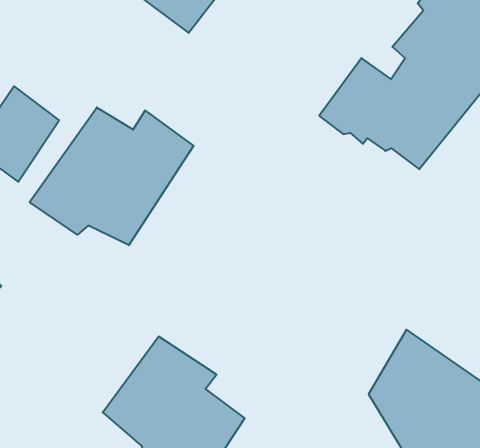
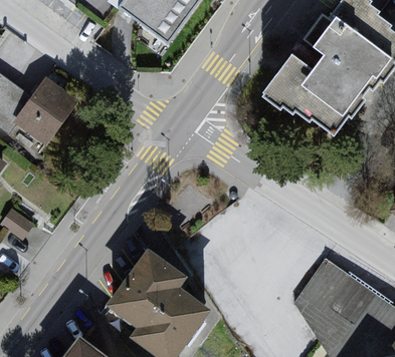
building: [30,107,194,245] -> none

